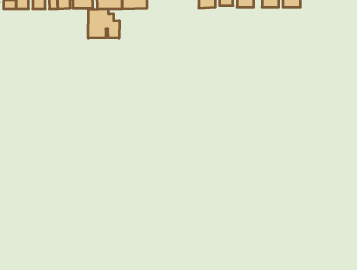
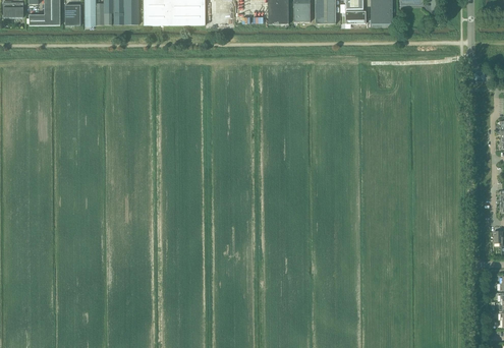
building: [88,9,119,38] -> none

